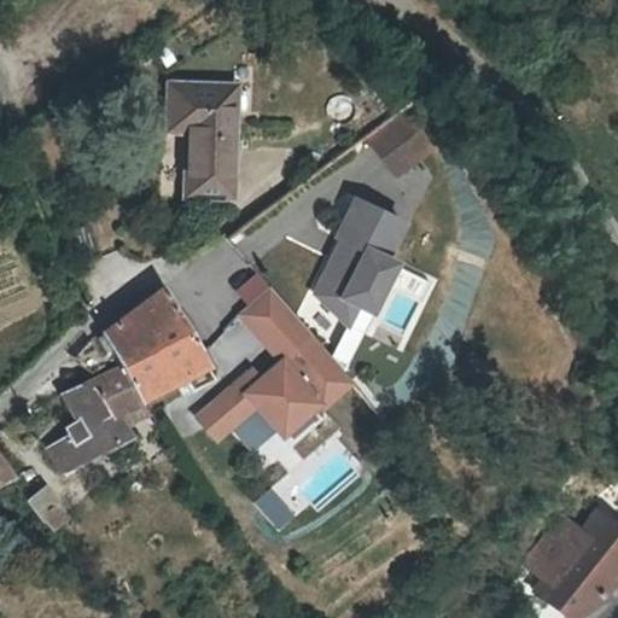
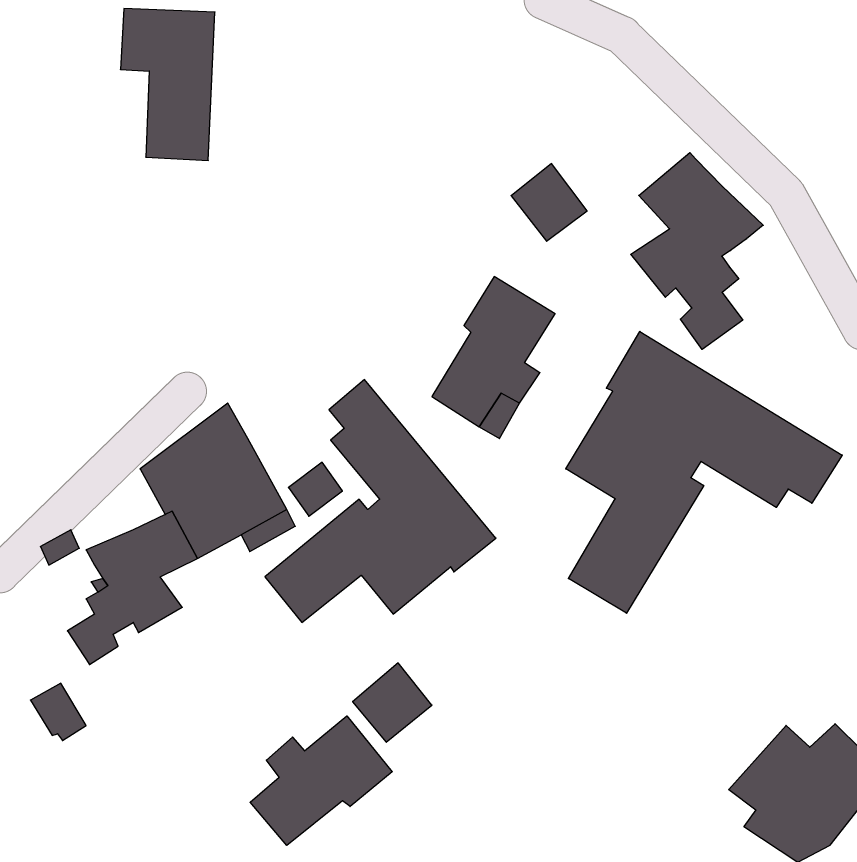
building: [170,92,238,200] -> [120,9,215,160]
building: none -> [631,153,763,349]
building: none -> [566,331,842,613]
building: none -> [250,716,392,845]

